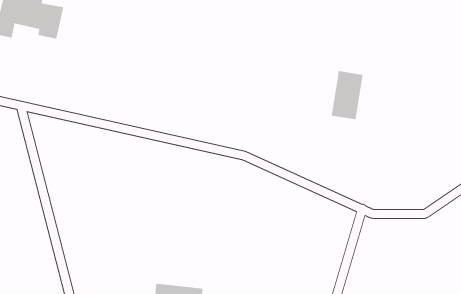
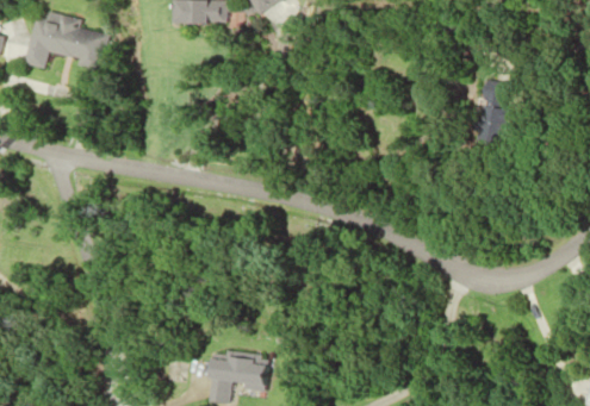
building: [331,70,363,120] -> [471,89,509,148]

